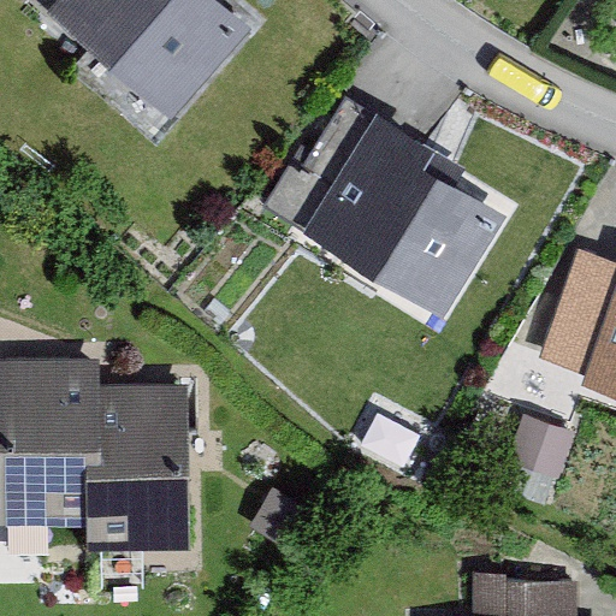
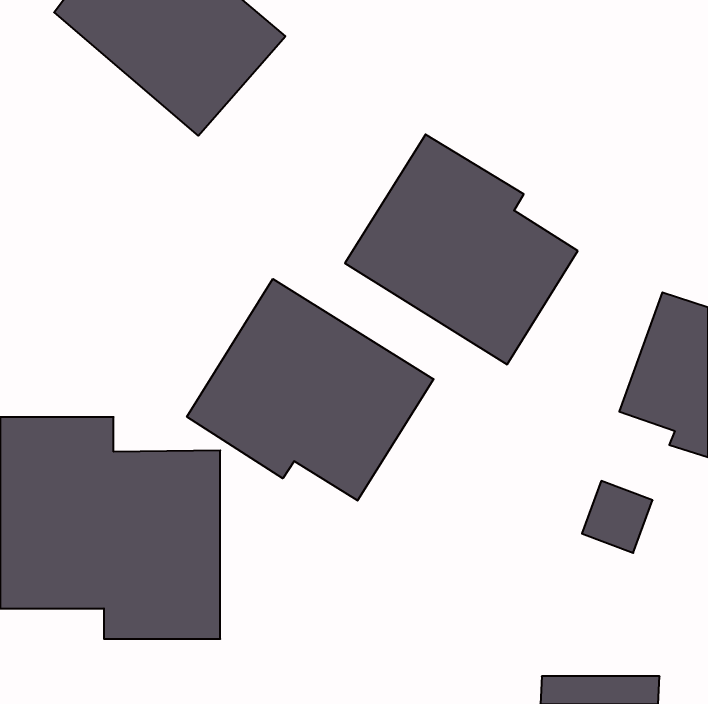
building: none -> [187,279,434,501]

